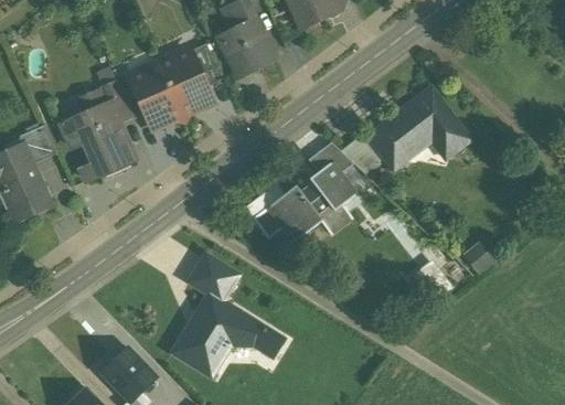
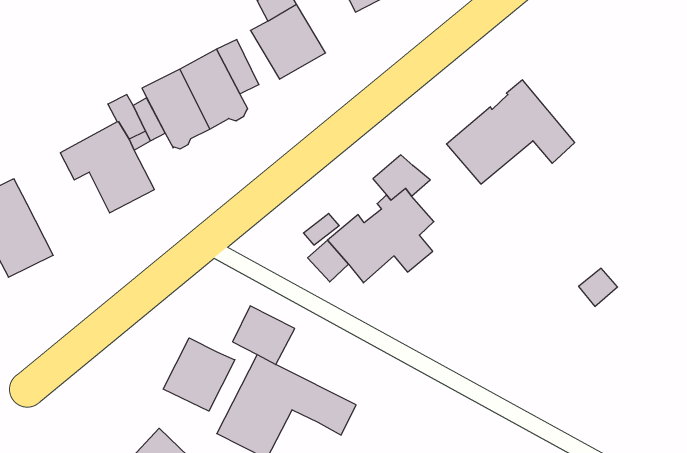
building: [18,126,55,164] -> none
building: [339,137,380,175] -> none
building: none -> [163,338,235,411]

